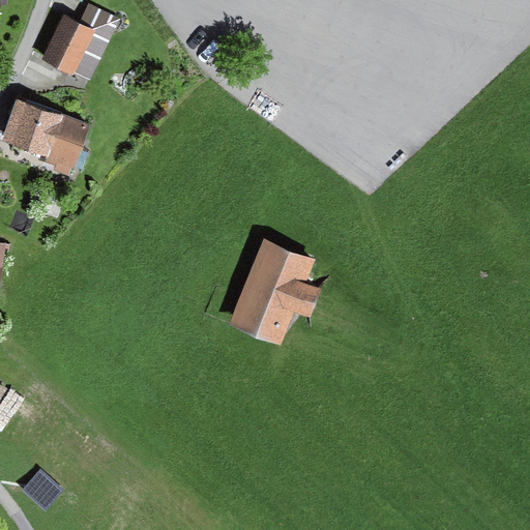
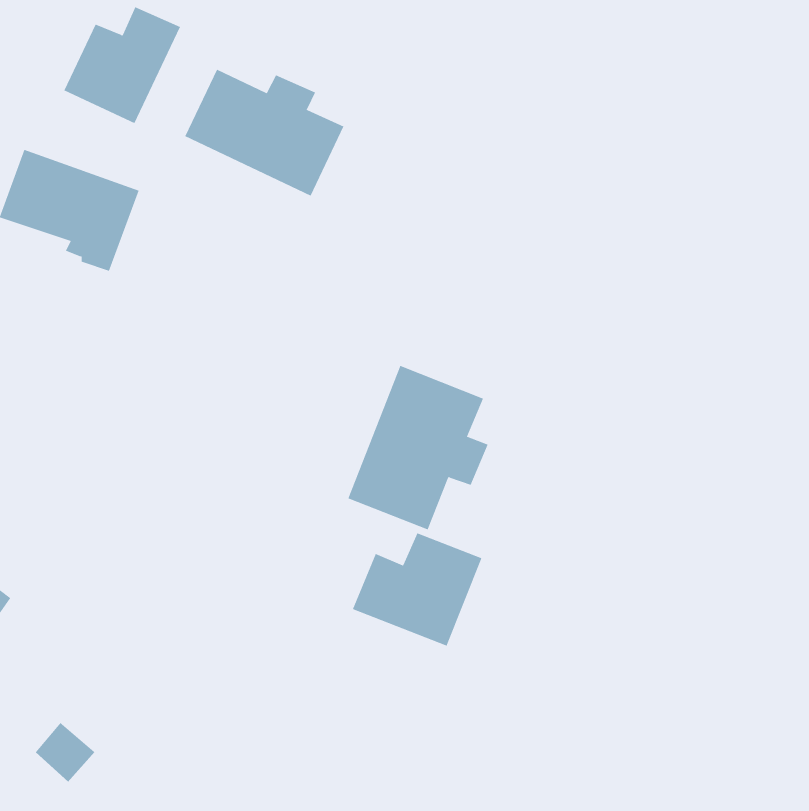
building: none -> [185,69,344,197]
building: none -> [352,532,482,647]

